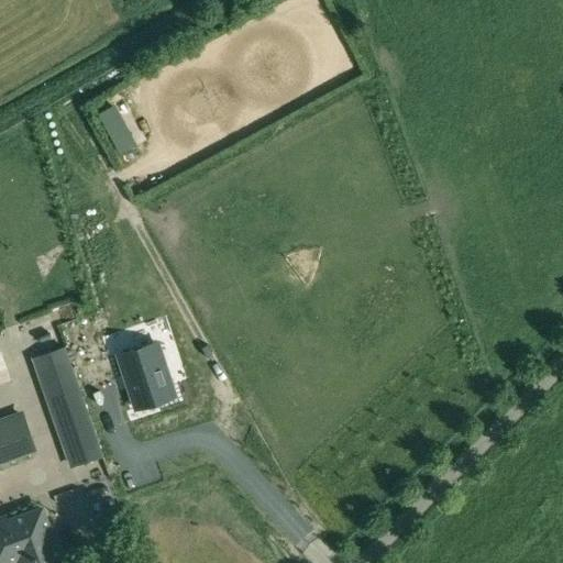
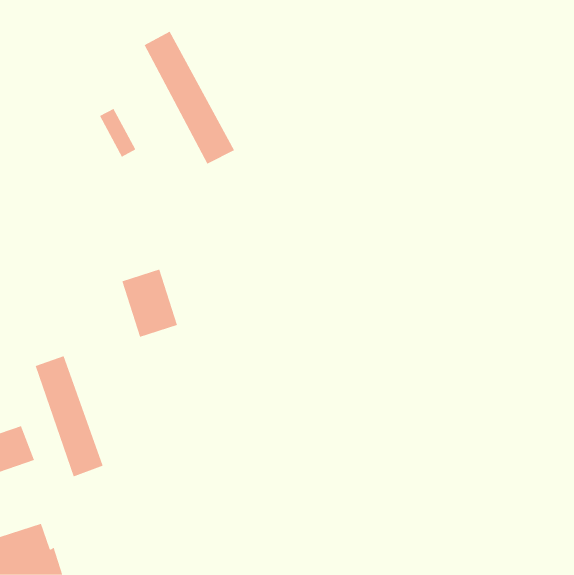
building: none -> [144,31,235,165]
building: [118,342,173,409] -> [121,269,178,338]

